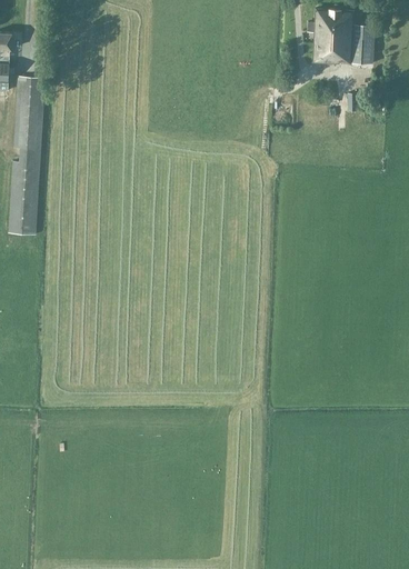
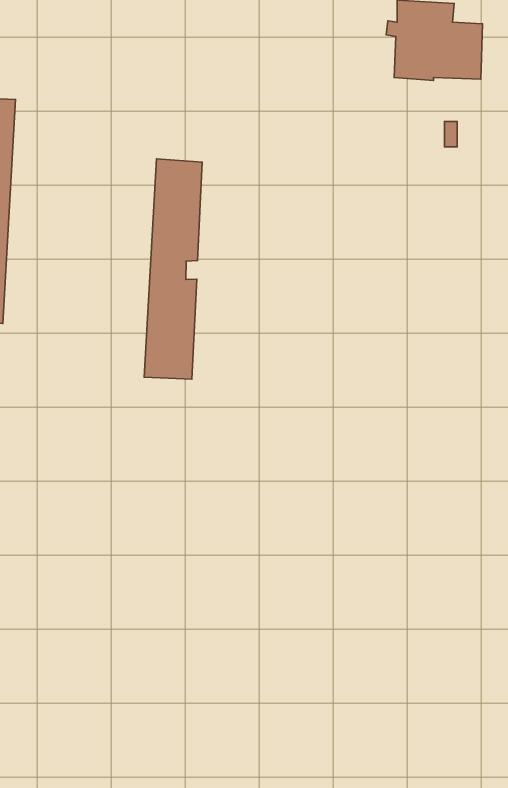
building: none -> [144,159,202,379]

